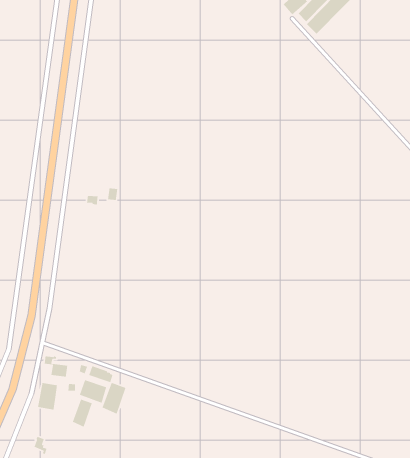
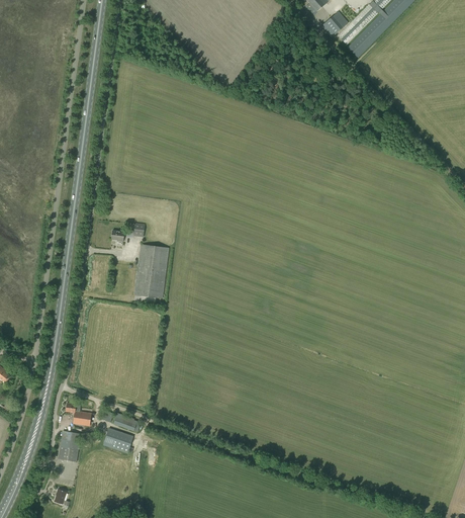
building: none -> [133,244,168,297]
building: [102,382,127,415] -> none
building: [72,399,93,428] -> none

